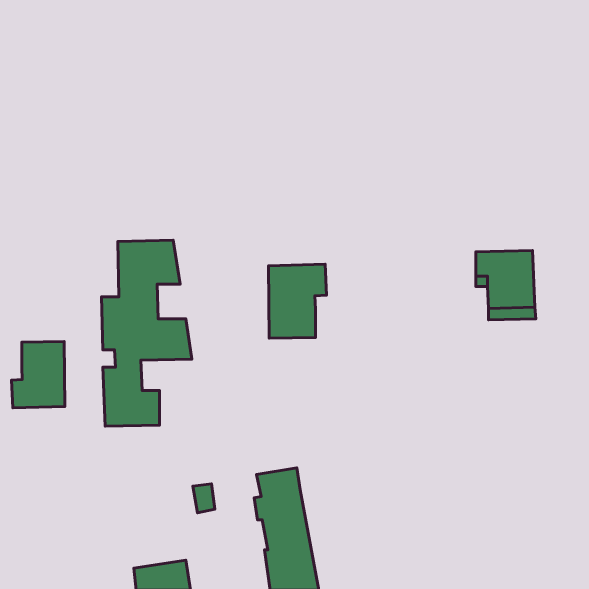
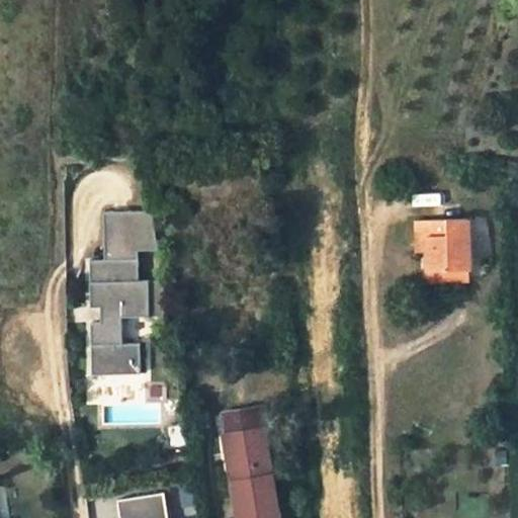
building: [269,264,326,338] -> none
building: [12,341,65,408] -> none

